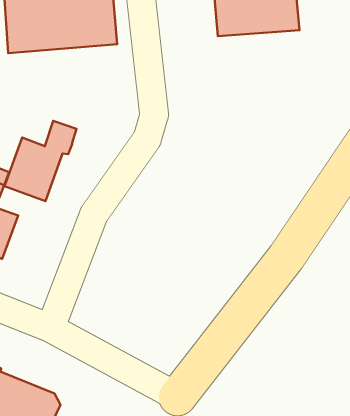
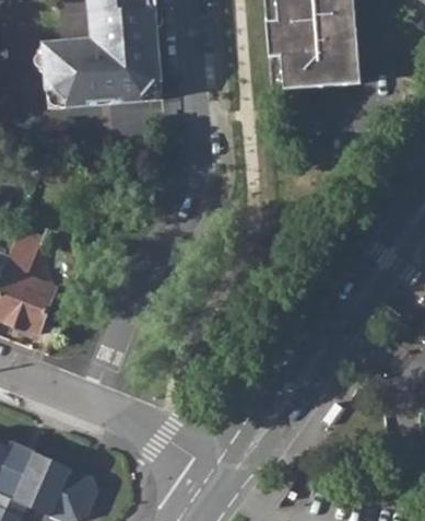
building: [5,121,77,201] -> none

